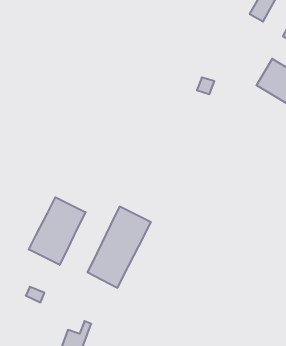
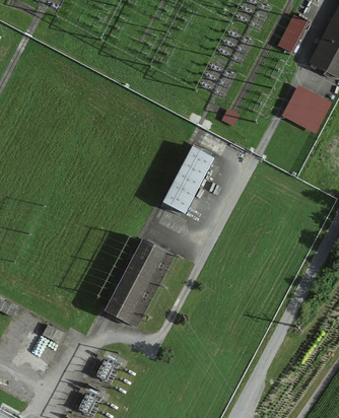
building: none -> [162,146,213,215]
building: [29,197,86,265] -> none

